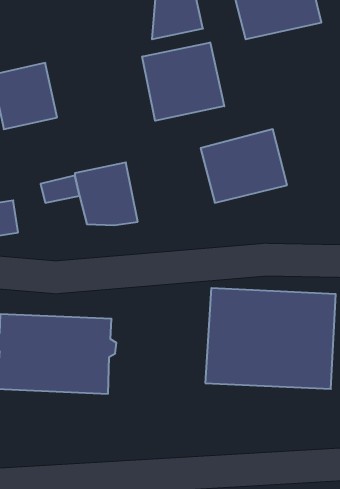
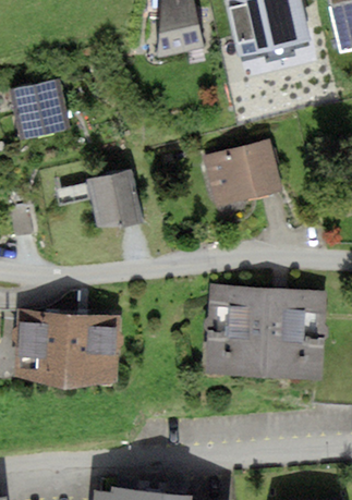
building: [142,42,224,121] -> none

